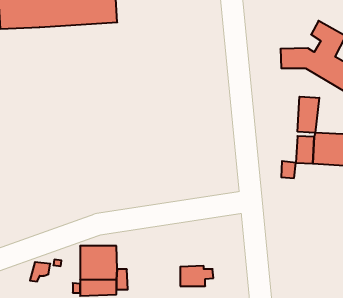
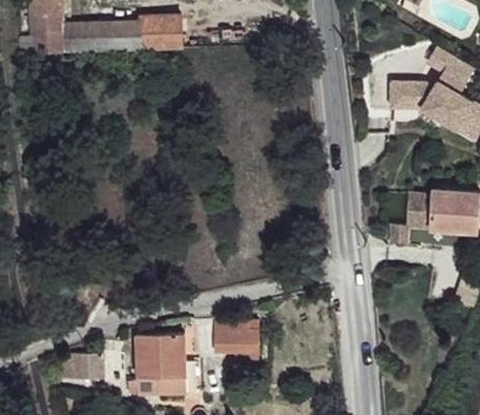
building: [298,97,319,133] -> none
building: [180,266,213,286] -> [214,327,256,352]

